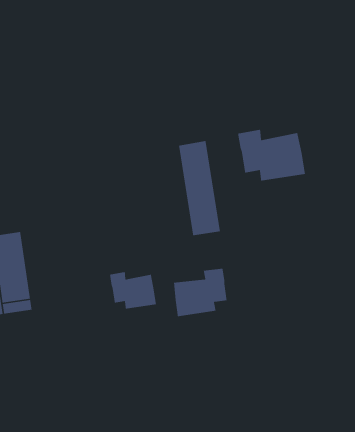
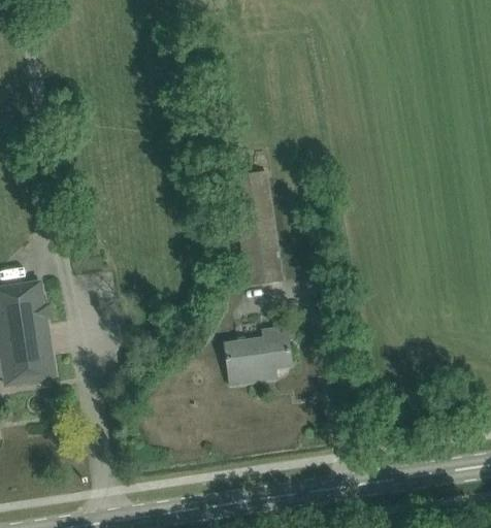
building: [237,129,306,182] -> none
building: [109,271,157,310] -> none

